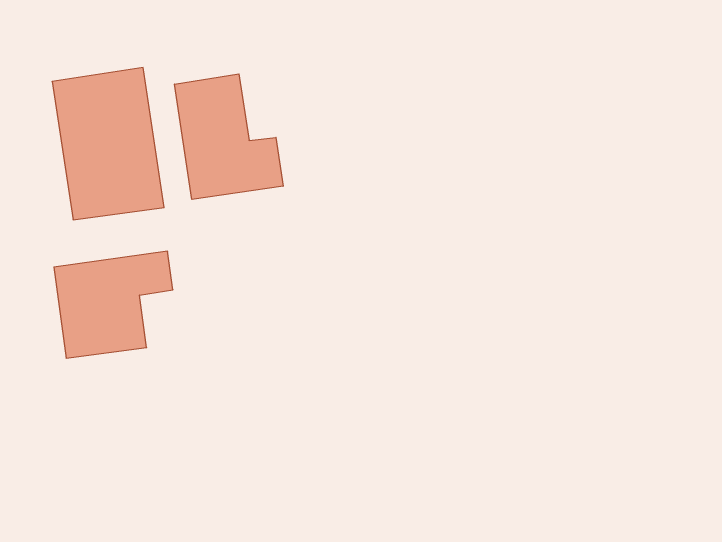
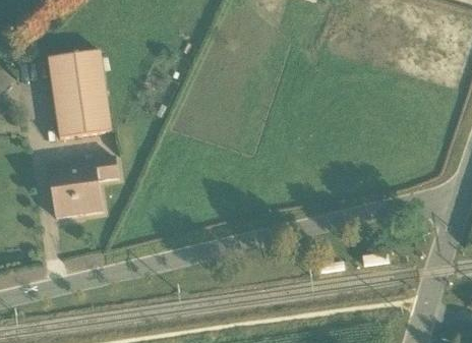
building: [175,74,283,199] -> none

